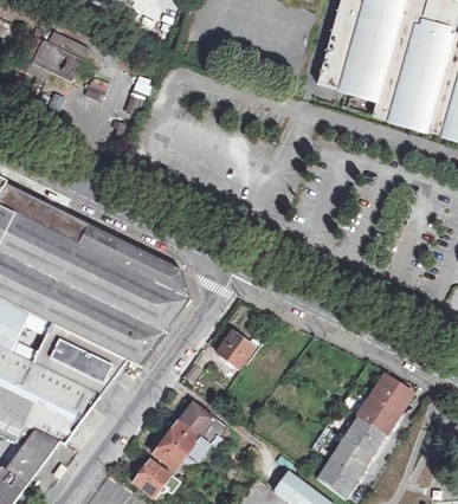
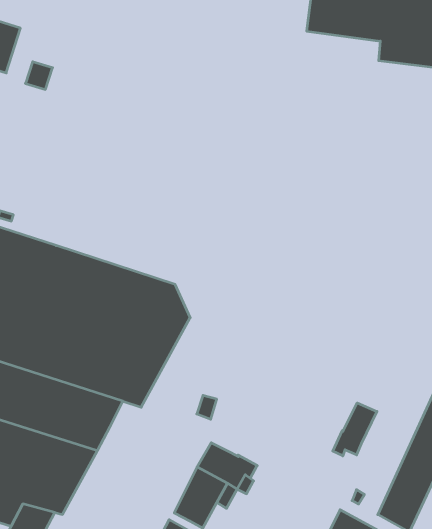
building: [217,329,253,367] -> none
building: none -> [333,403,377,456]

